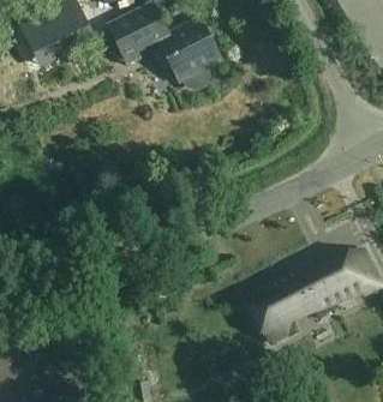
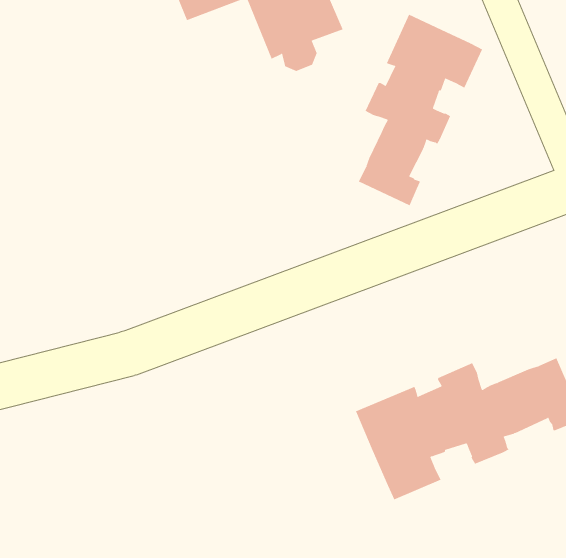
building: none -> [358,14,483,206]

